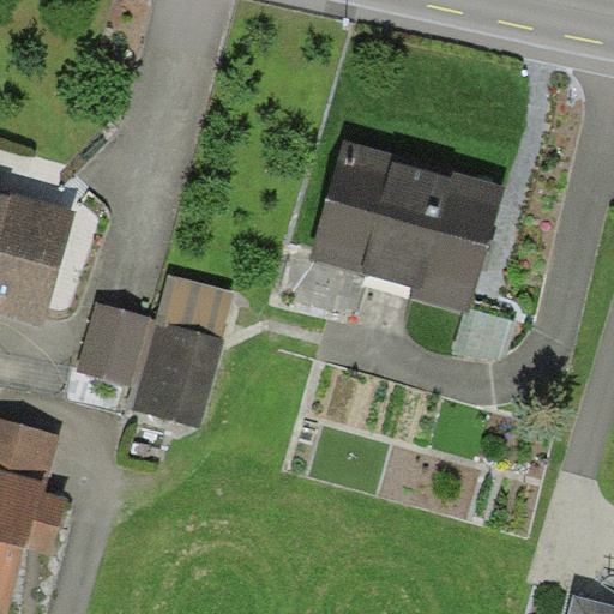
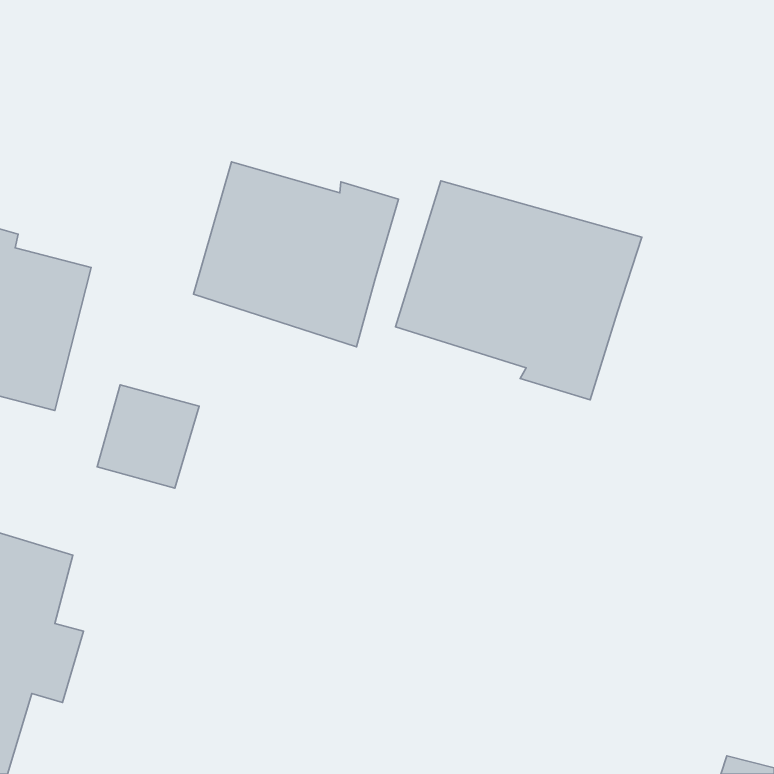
building: none -> [194,162,398,347]
building: [132,275,231,428] -> none

